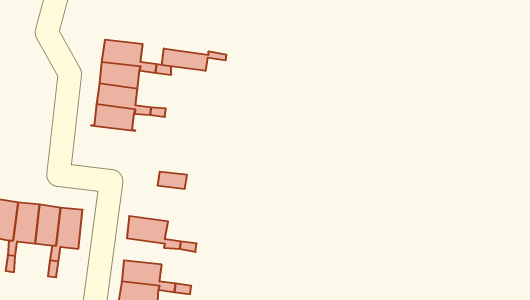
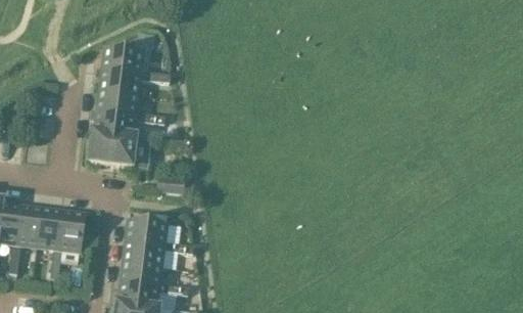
building: [162,48,226,71] -> none
building: none -> [87,133,134,169]
building: none -> [123,242,162,268]

